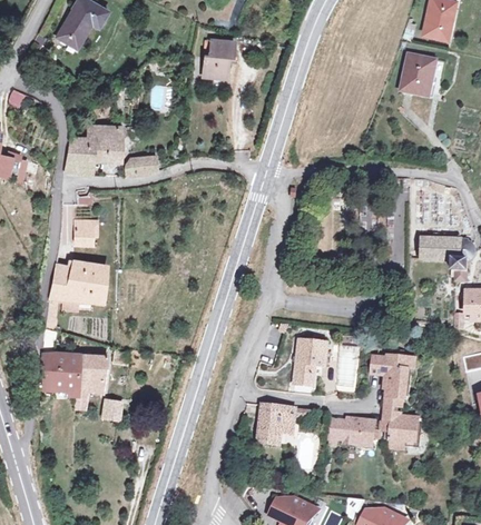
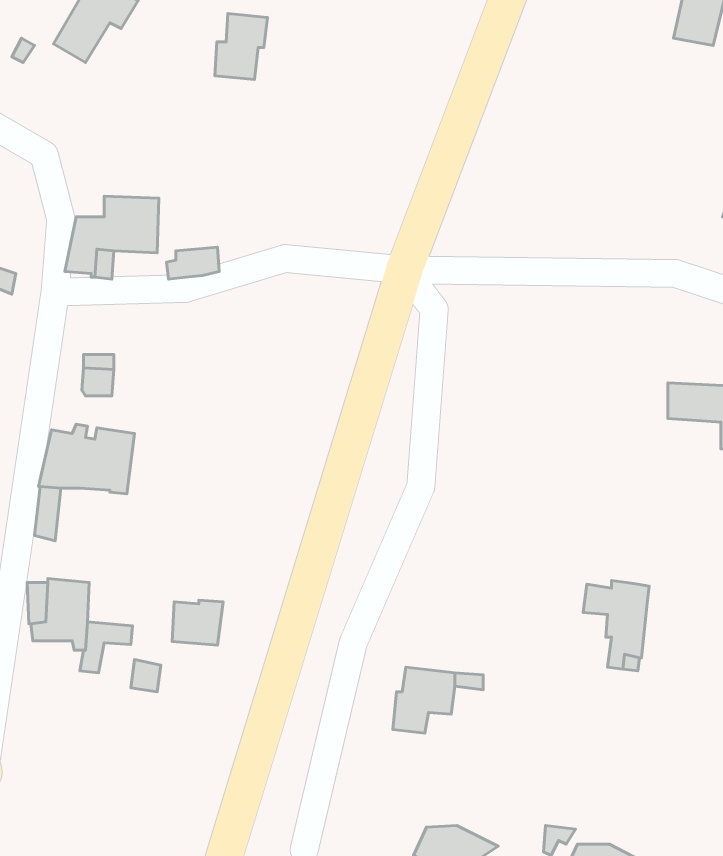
building: [202,39,233,78] -> [215,14,268,80]
building: [401,53,435,93] -> none
building: [294,338,327,385] -> none
building: [77,353,107,379] -> [172,600,223,645]
building: [382,410,419,446] -> none
building: [327,417,374,444] -> none

